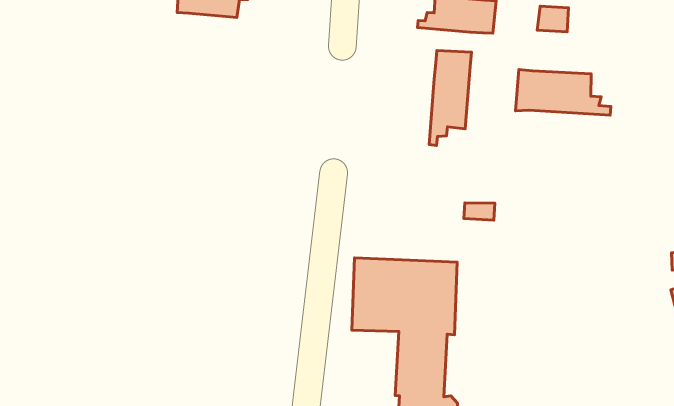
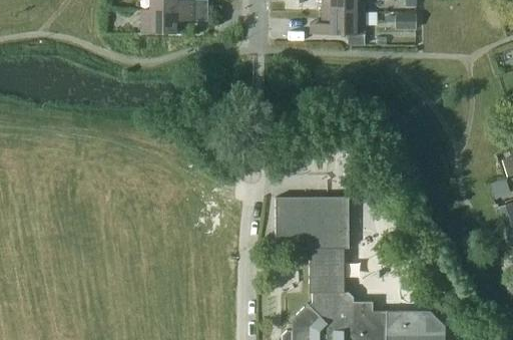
building: [429,50,471,145] -> none
building: [515,70,611,115] -> none

